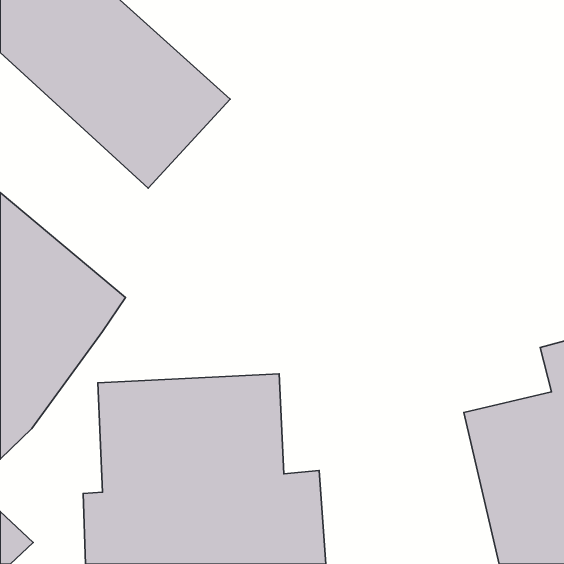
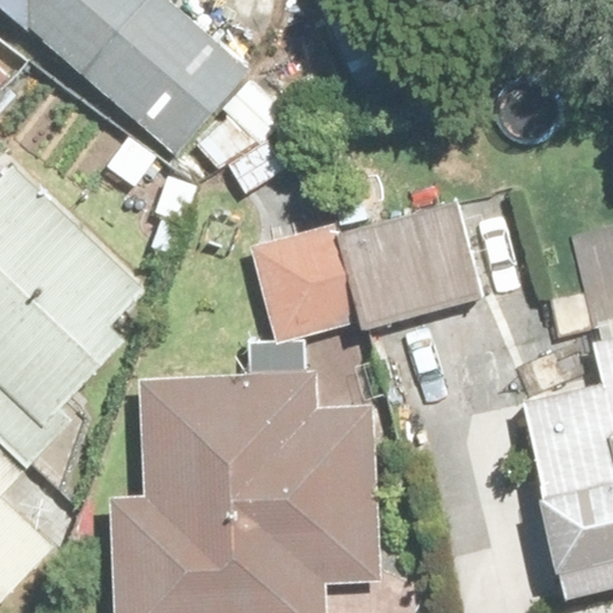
building: none -> [250,235,468,372]

